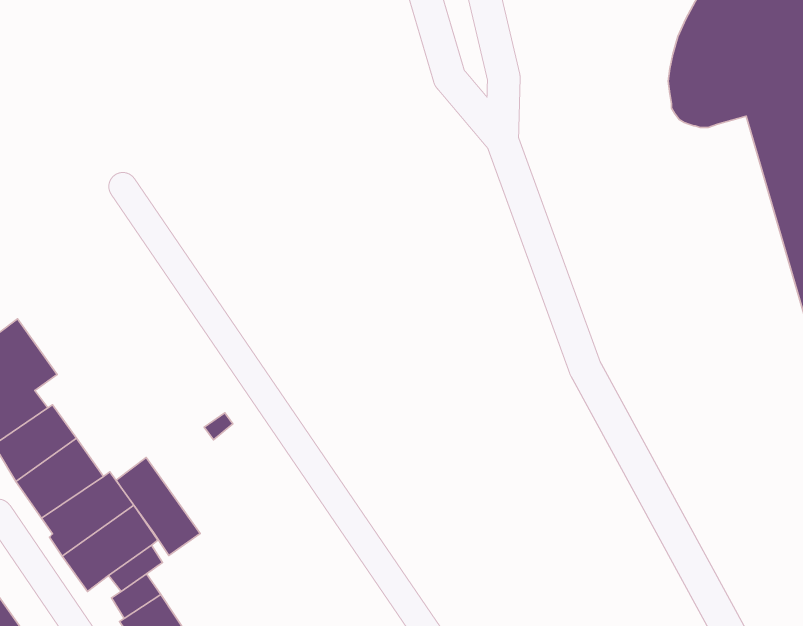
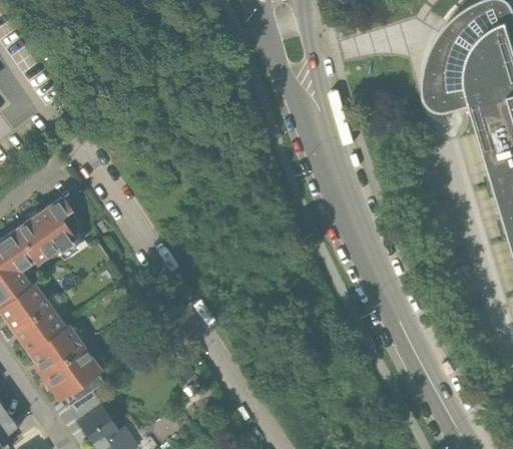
building: none -> [13,196,78,267]
building: [116,458,200,555] -> none

